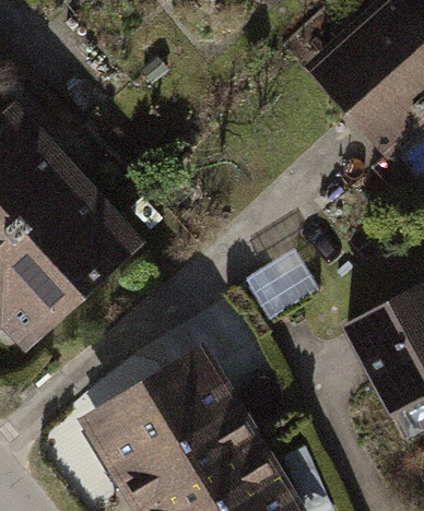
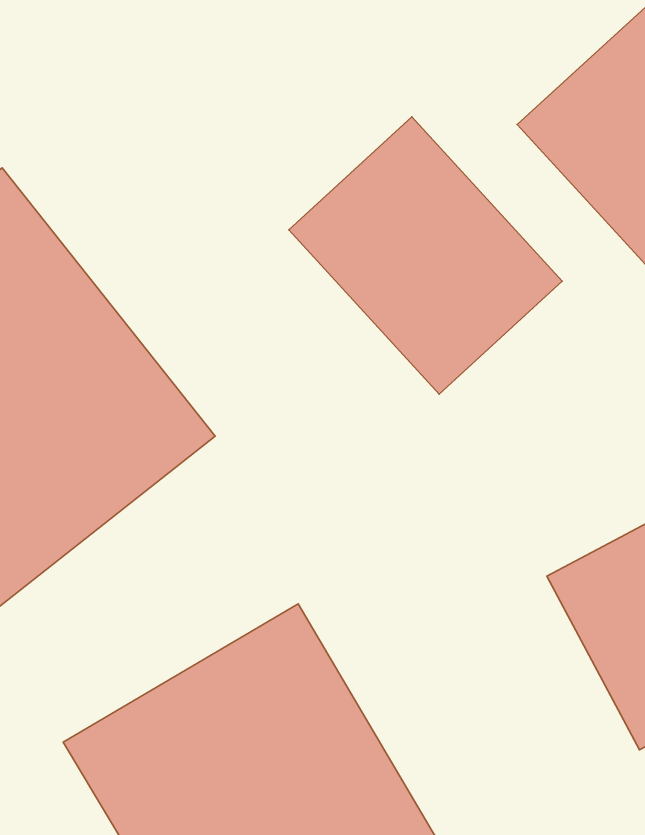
building: none -> [289,117,562,394]

